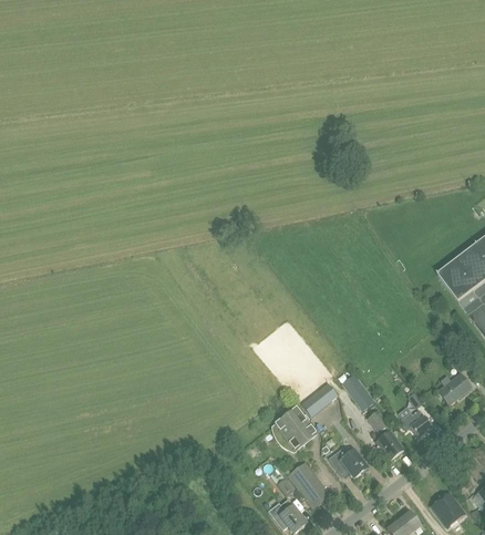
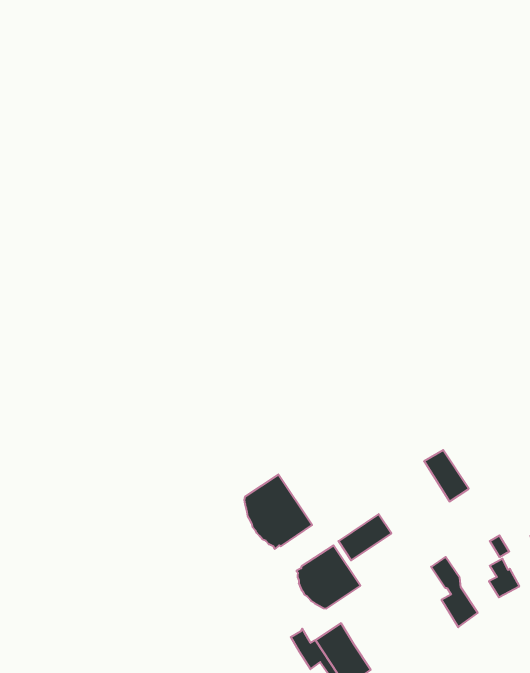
building: none -> [244,474,312,549]
building: [341,374,374,411] -> [424,450,469,501]
building: [329,451,367,479] -> none

